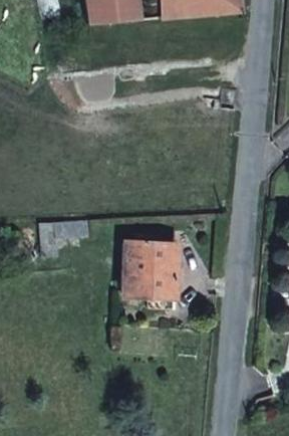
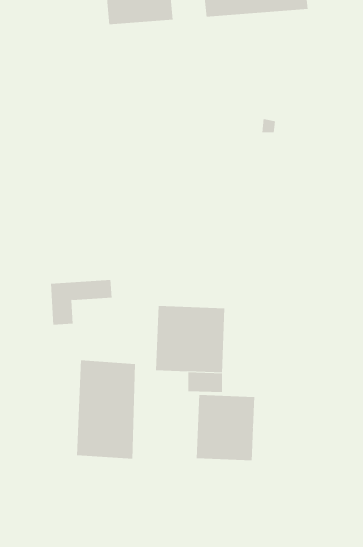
building: none -> [77,360,136,459]
building: none -> [196,394,255,461]

